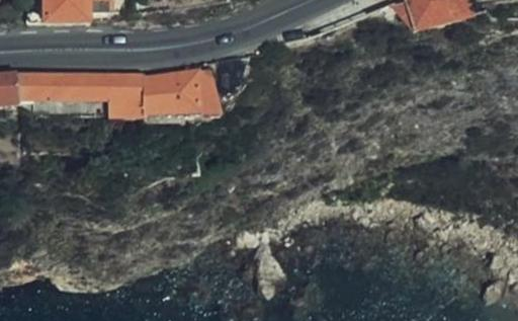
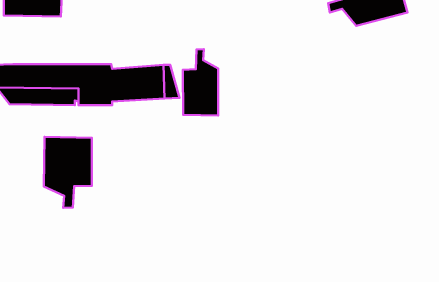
building: none -> [183,49,218,115]
building: none -> [44,137,92,208]

